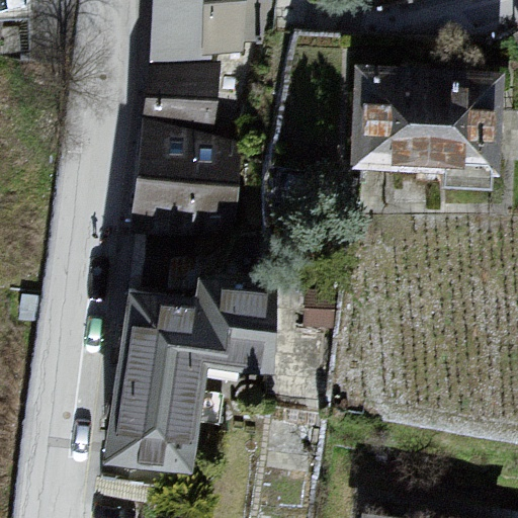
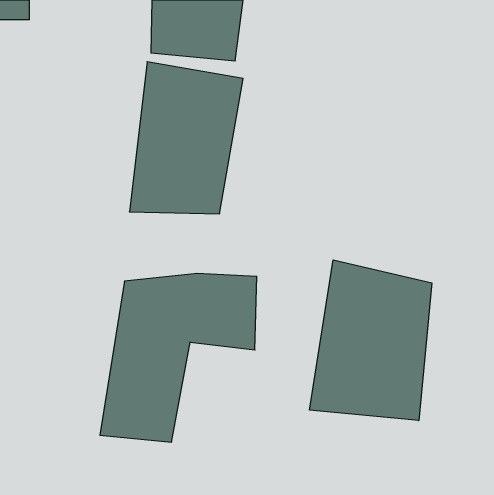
building: [350,74,499,174] -> none
building: none -> [310,260,432,421]

